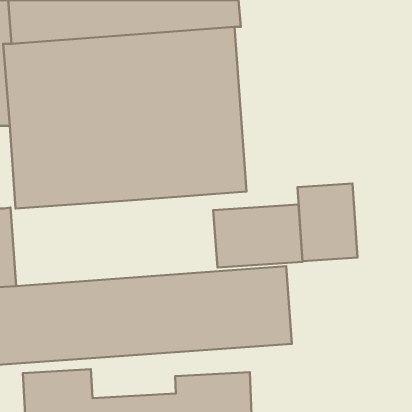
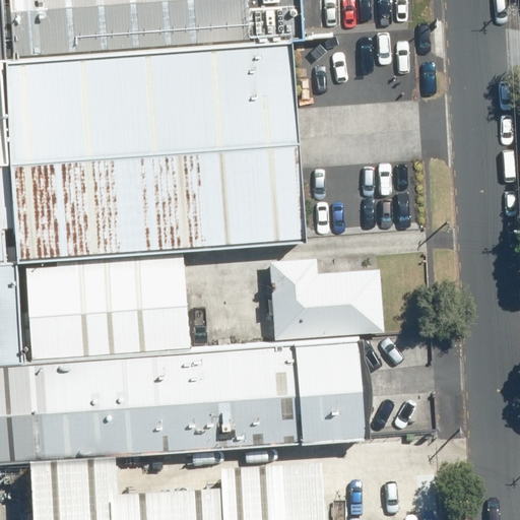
building: [298,184,358,261] -> none
building: none -> [19,253,185,356]

